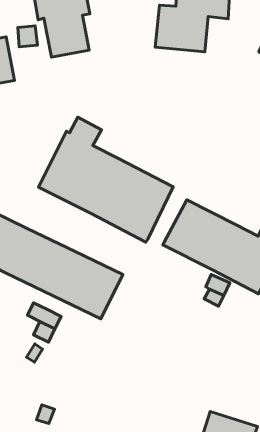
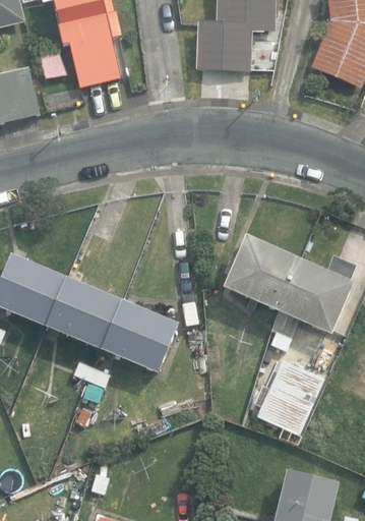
building: [38,117,173,242] -> none
building: none -> [253,360,323,436]

